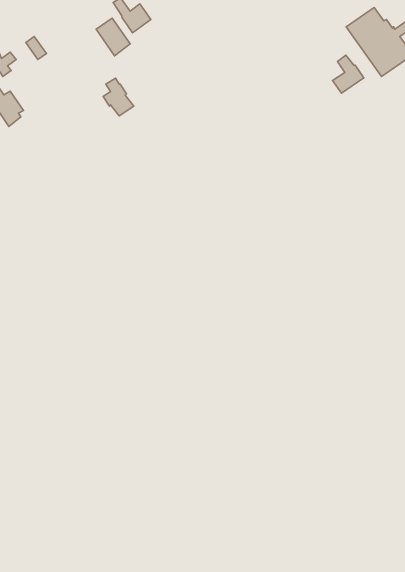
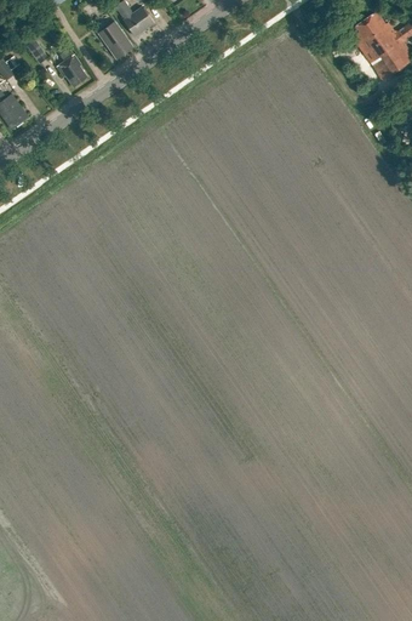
building: [333,55,364,93] -> none
building: [103,78,134,116] -> [57,49,87,86]

